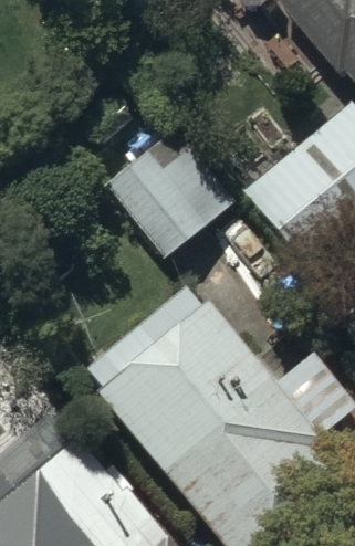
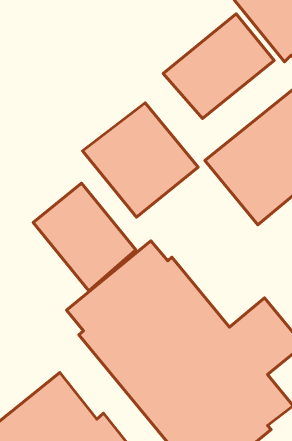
building: none -> [163,14,274,119]
building: none -> [33,183,136,291]

